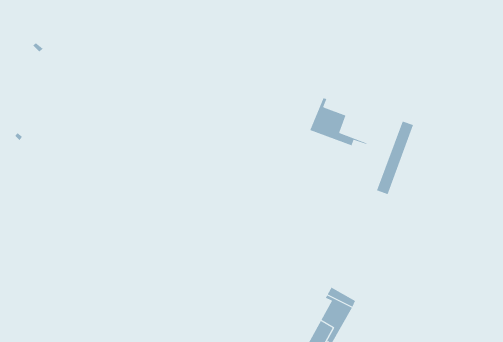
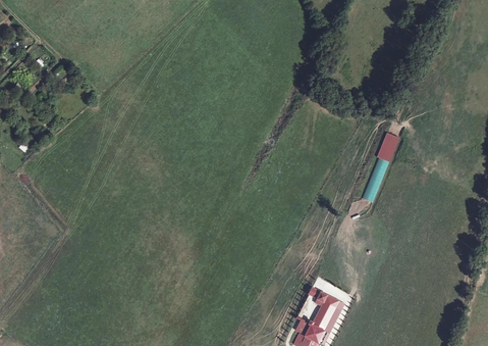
building: [310,97,367,146] -> none

